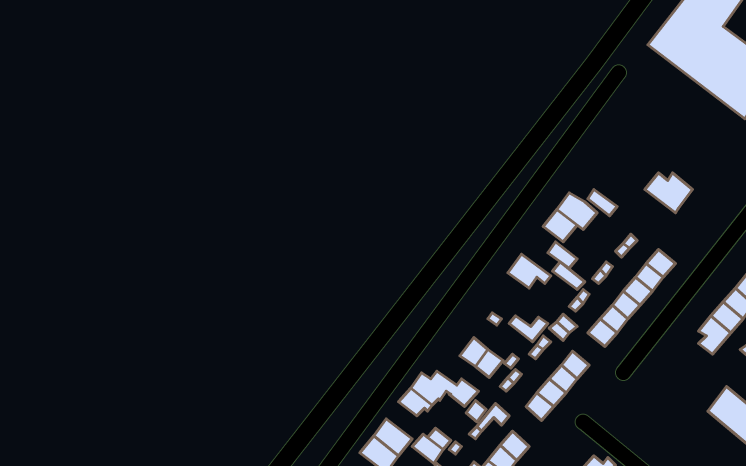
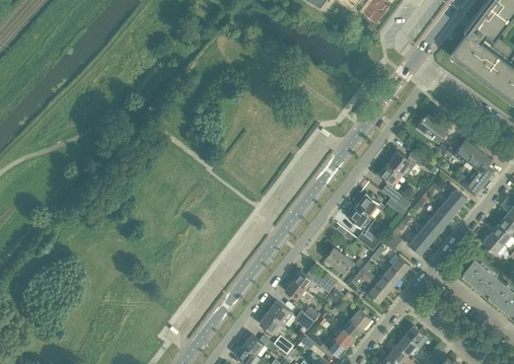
building: none -> [418,114,448,142]
building: none -> [465,150,494,195]
building: none -> [347,205,375,231]
building: none -> [462,259,501,296]

